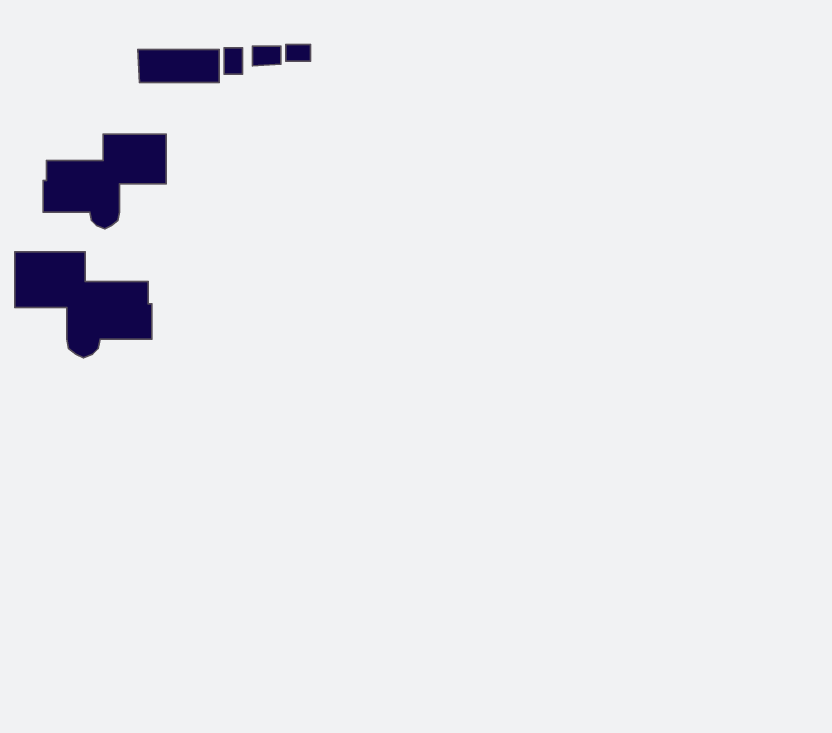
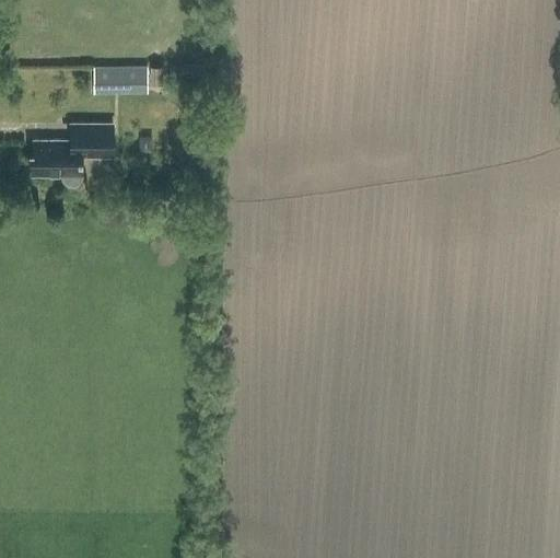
building: [15,252,152,358] -> none

